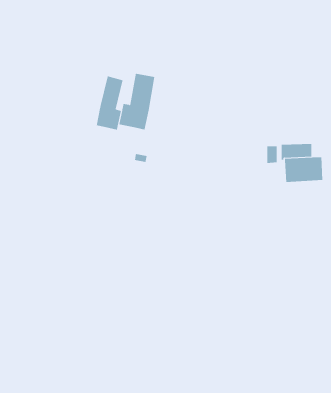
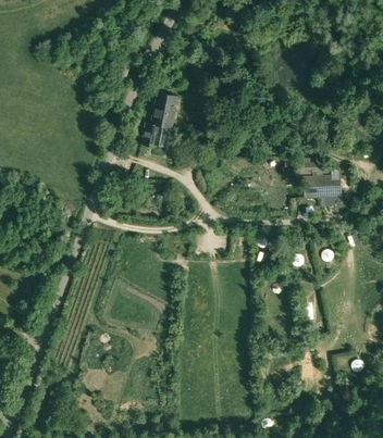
building: [96,76,123,130] -> none

